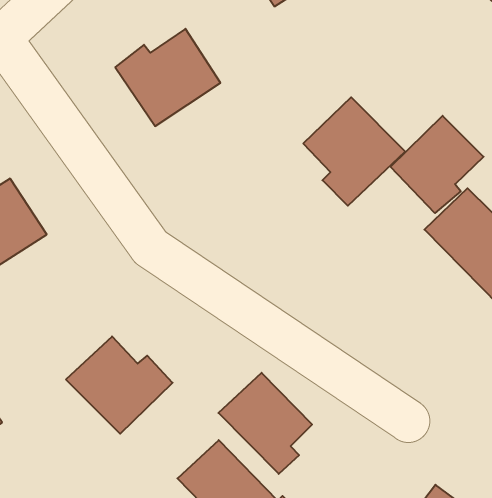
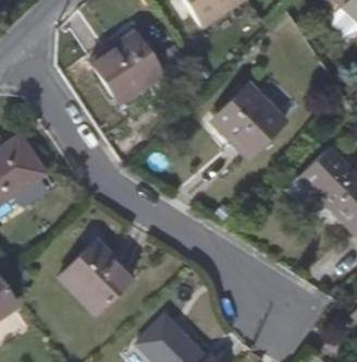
building: [391,116,484,213] -> none
building: [218,373,312,474] -> none

